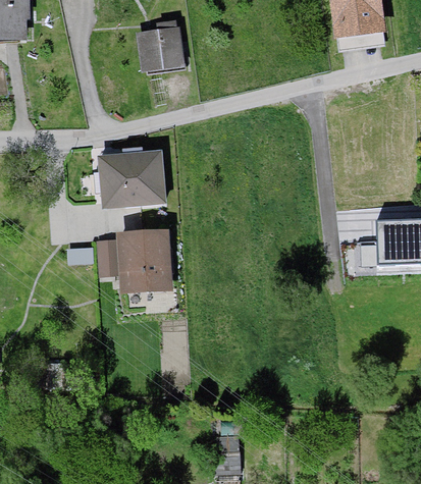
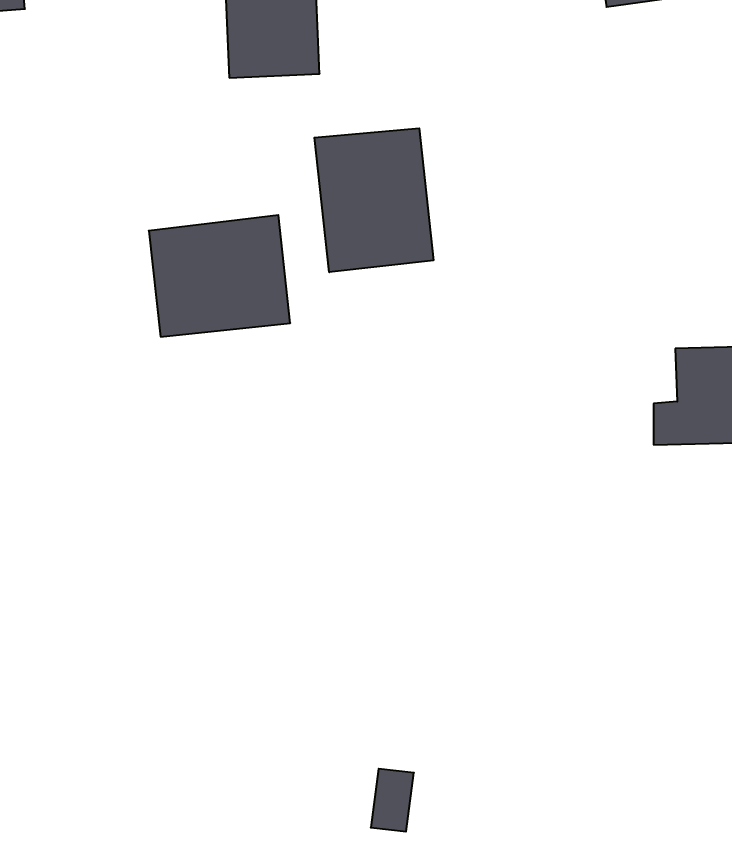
building: none -> [314,128,433,272]
building: [107,229,177,305] -> none

